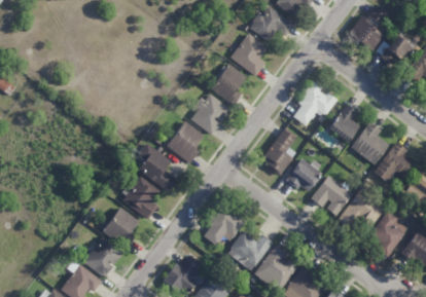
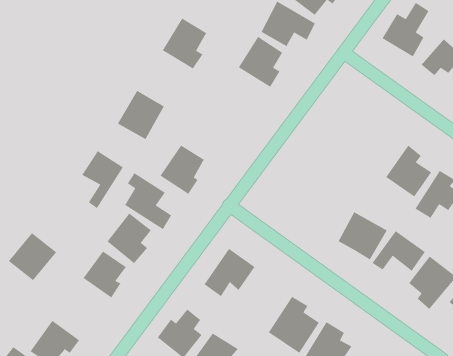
building: [209,63,246,105] -> [162,18,207,69]
building: [293,83,336,125] -> none
building: [190,94,229,135] -> [117,90,165,140]
building: [327,103,360,143] -> none
building: none -> [81,150,124,209]
building: [261,127,297,175] -> none
building: [286,158,325,191] -> none
building: [226,231,273,271] -> none
building: [83,236,123,276] -> [8,232,57,281]

